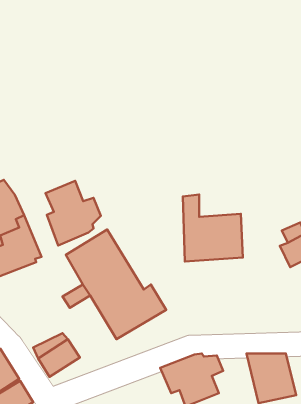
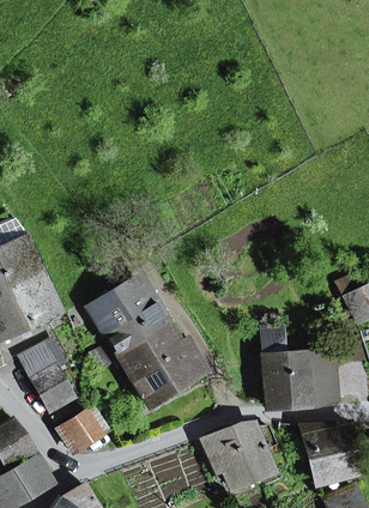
building: [46,181,101,246] -> none
building: [183,194,243,261] -> [264,328,334,407]
building: none -> [22,340,75,411]

